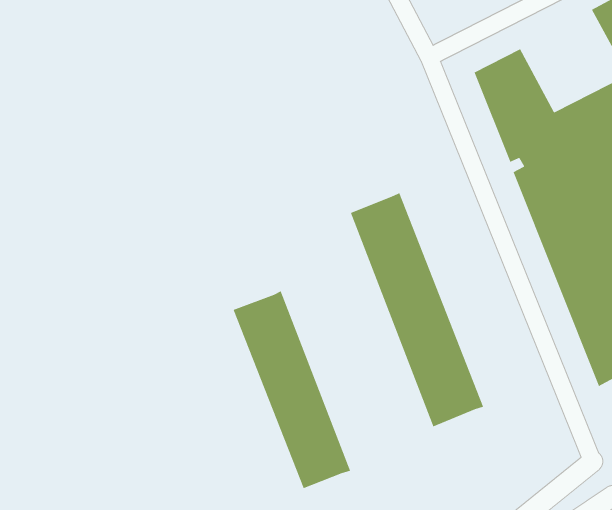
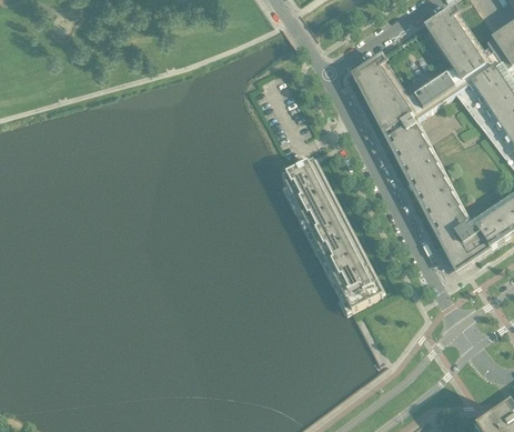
building: [232,290,351,489] -> none

